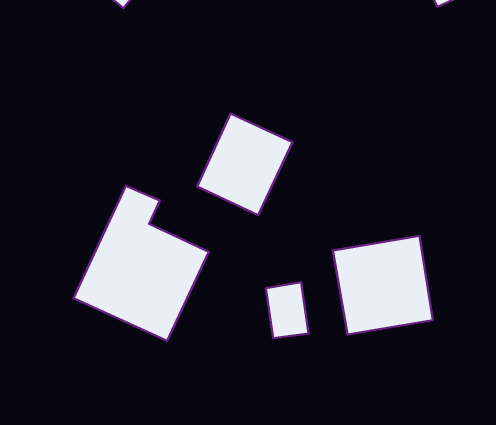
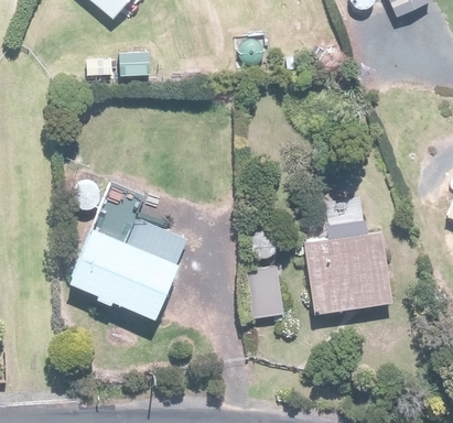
building: [197,113,292,215] -> none

